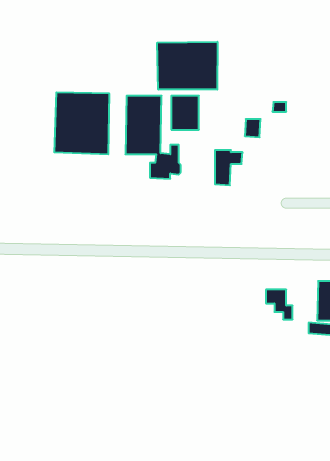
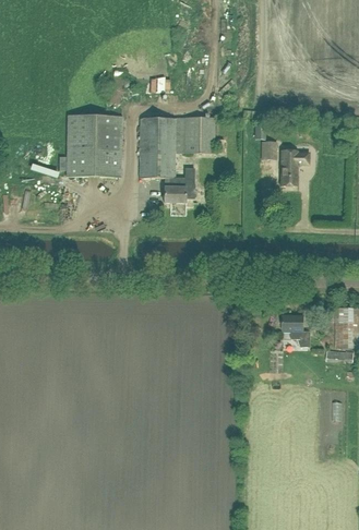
building: [157,42,217,90] -> none
building: [215,150,243,185] -> [280,149,309,185]

